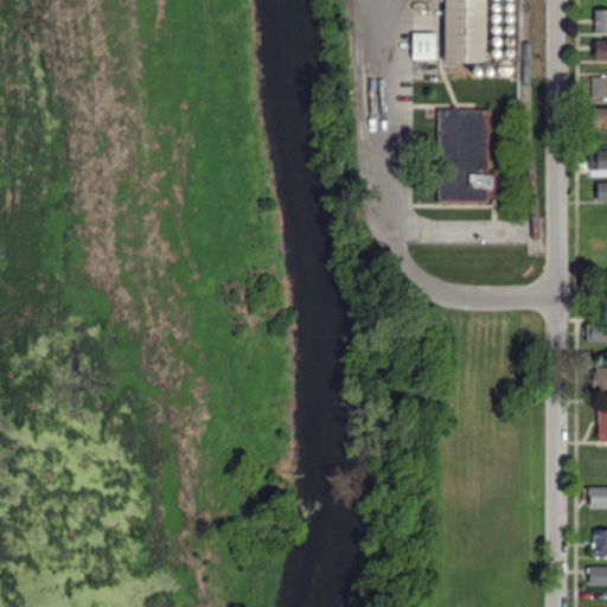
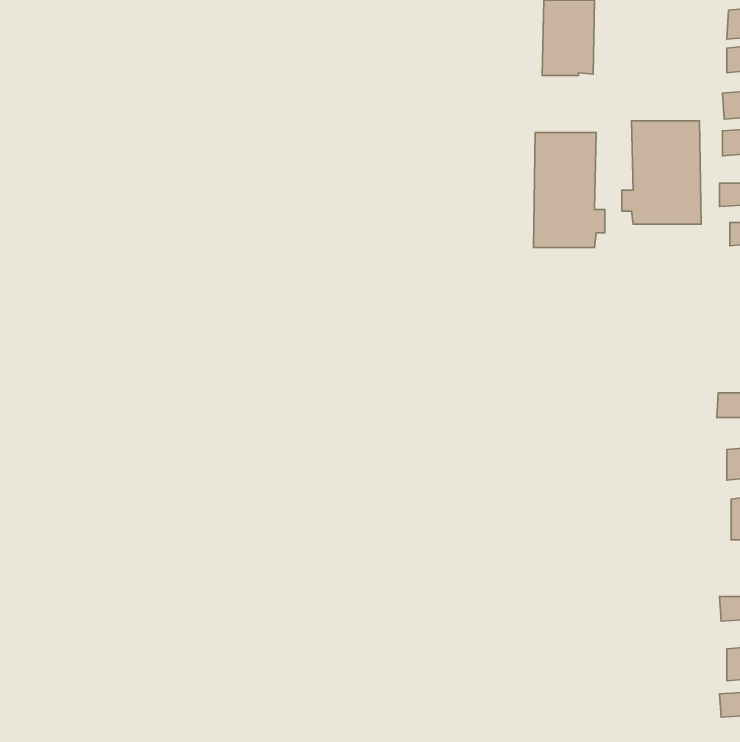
building: [413,33,436,59] -> none
building: none -> [622,121,701,224]

